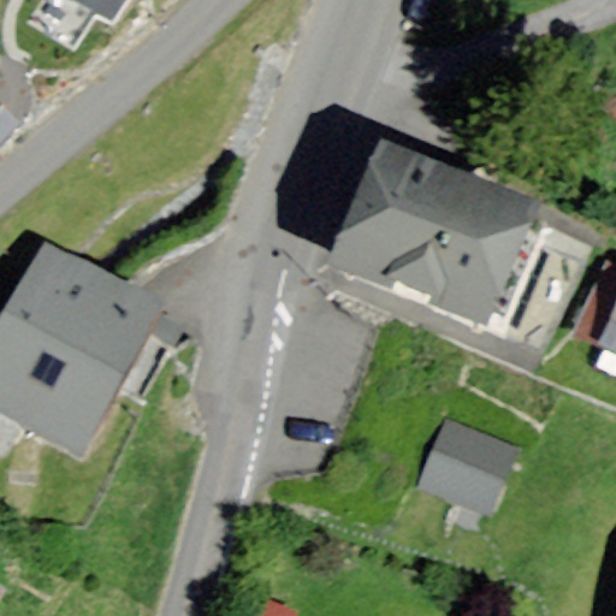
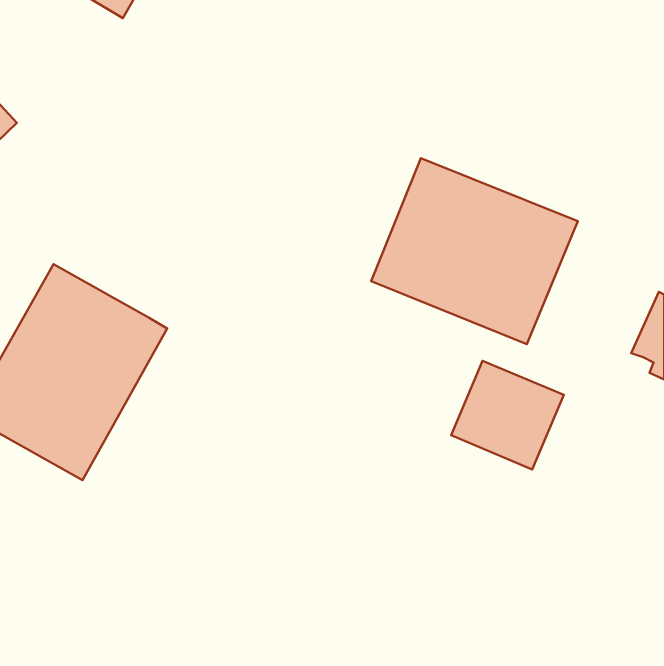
building: [413,421,516,521] -> [451,361,564,469]

